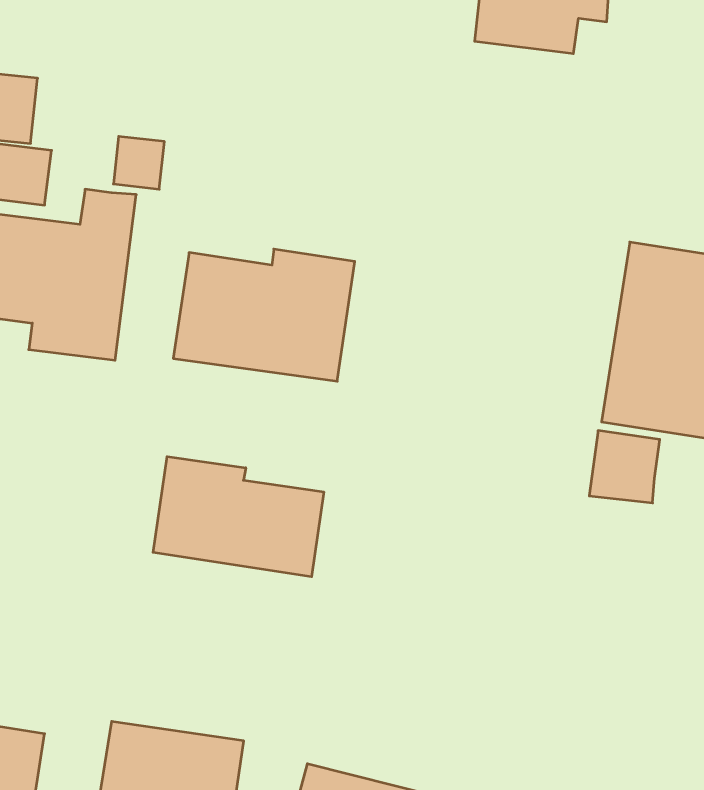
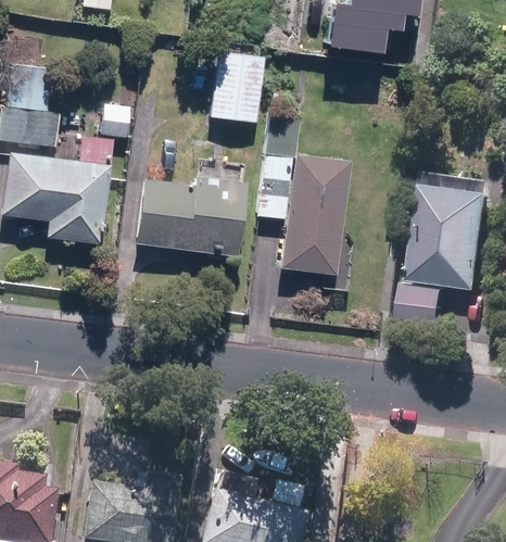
building: none -> [208,51,265,123]
building: none -> [280,152,353,275]
building: [153,457,324,577] -> none

